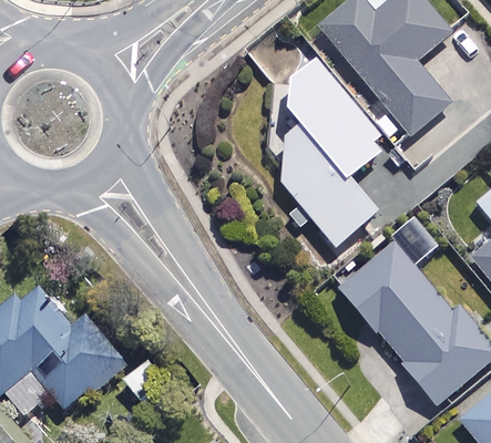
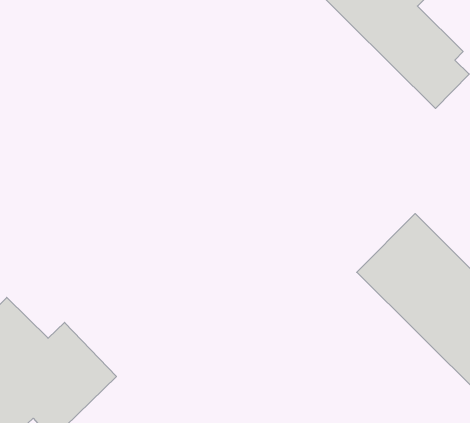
building: [269,63,389,249] -> none

